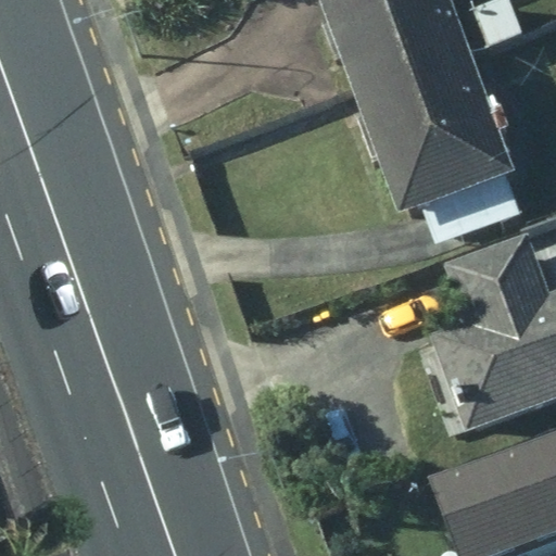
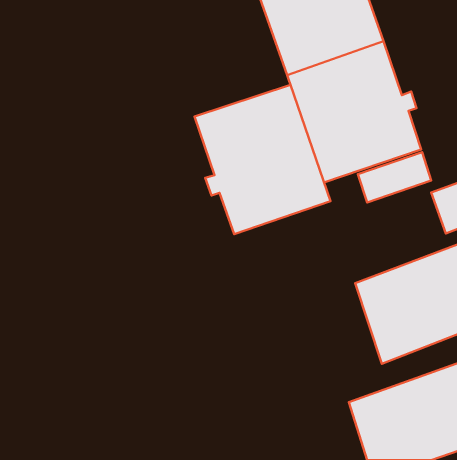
building: none -> [194,85,330,234]

